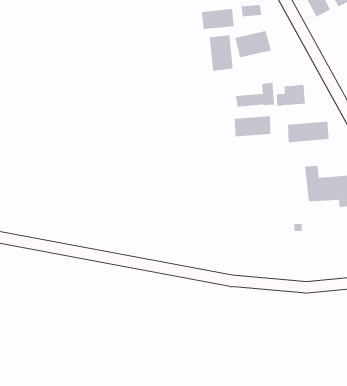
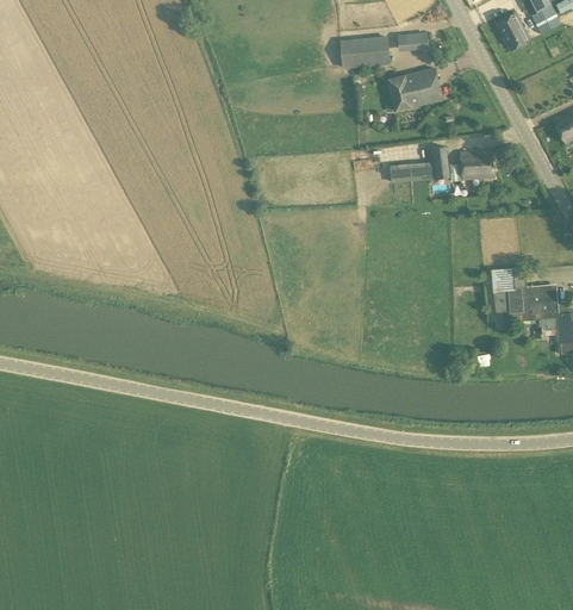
building: [209,35,233,71] -> none
building: [234,115,271,137] -> none
building: [288,121,329,143] -> none

